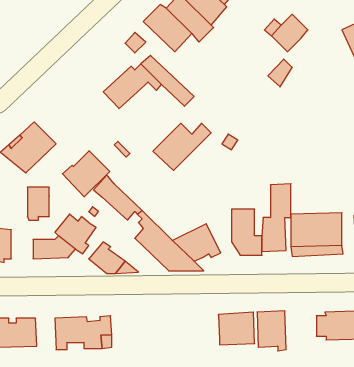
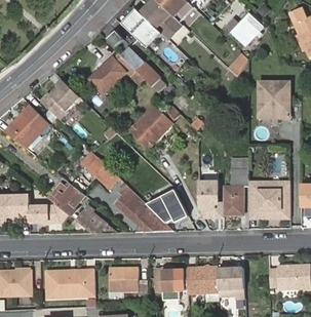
building: none -> [260,81,290,117]
building: [62,151,110,197] -> [40,80,80,119]
building: [27,187,49,220] -> [10,196,29,224]
building: none -> [155,266,187,289]
building: none -> [111,268,140,290]

